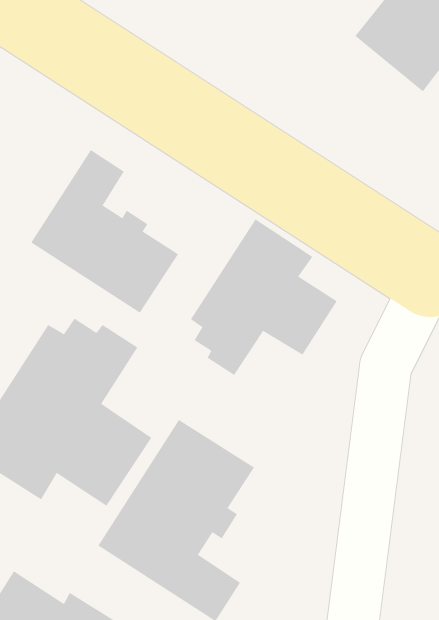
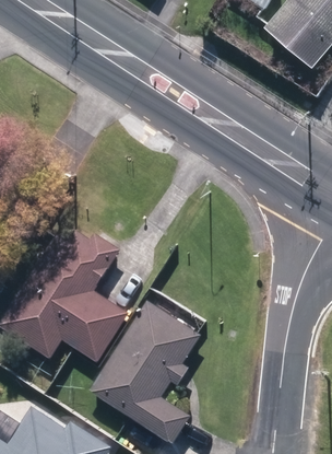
building: [31,149,179,313] -> none
building: [190,218,337,376] -> none

